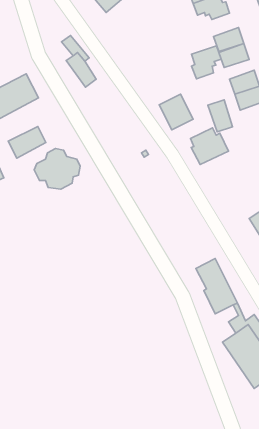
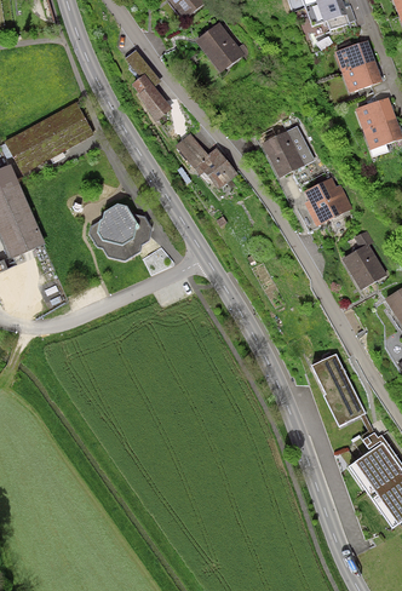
building: none -> [195,22,246,73]
building: [191,46,221,79] -> none
building: none -> [176,133,239,189]
building: [208,100,233,132] -> none
building: [8,126,46,158] -> none
building: none -> [339,229,387,291]

